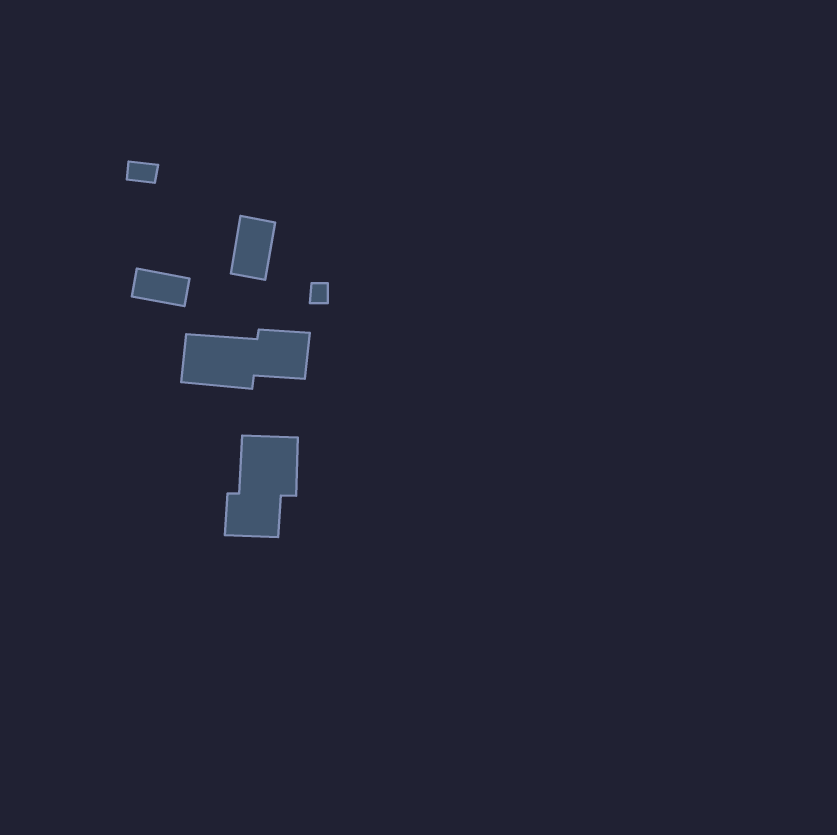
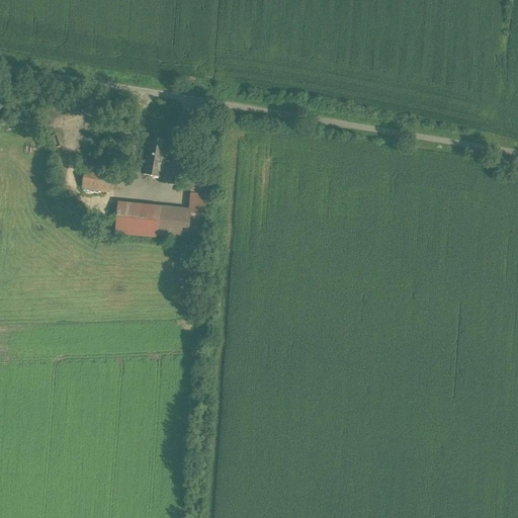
building: [225,435,298,537] -> none

